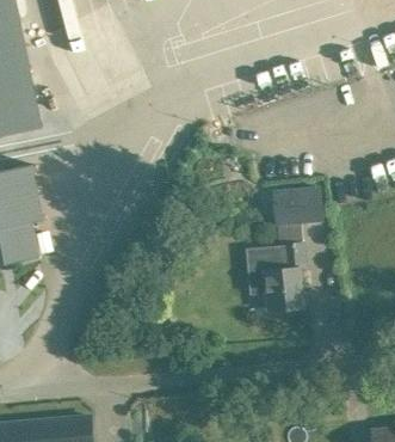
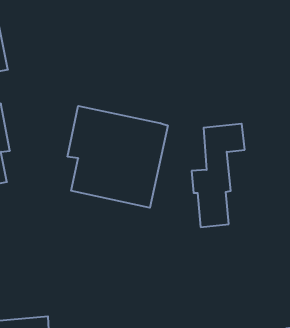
building: none -> [68,106,168,208]

